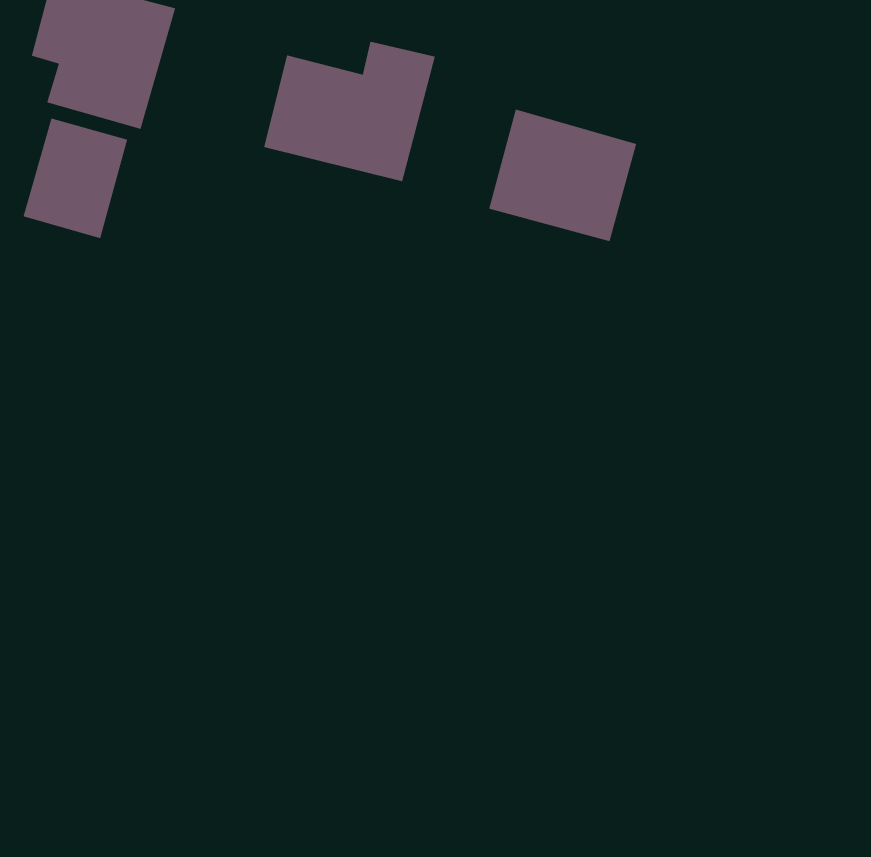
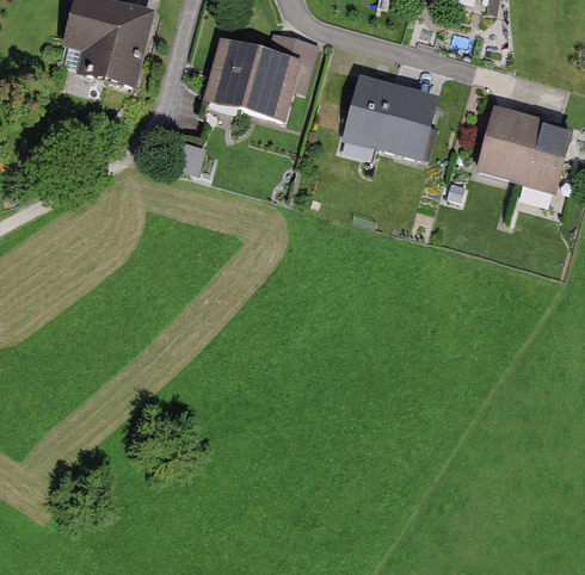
building: [23,118,128,239] -> none
building: none -> [479,110,569,190]

